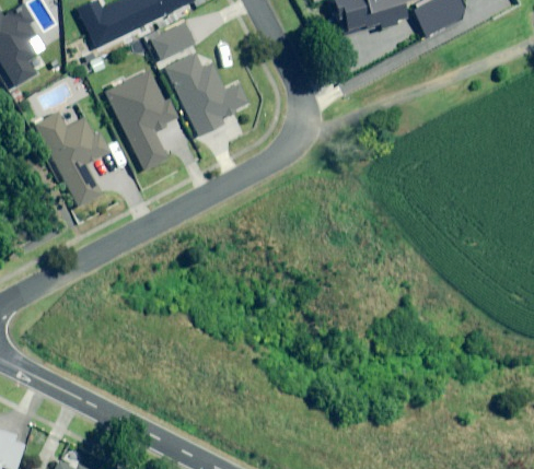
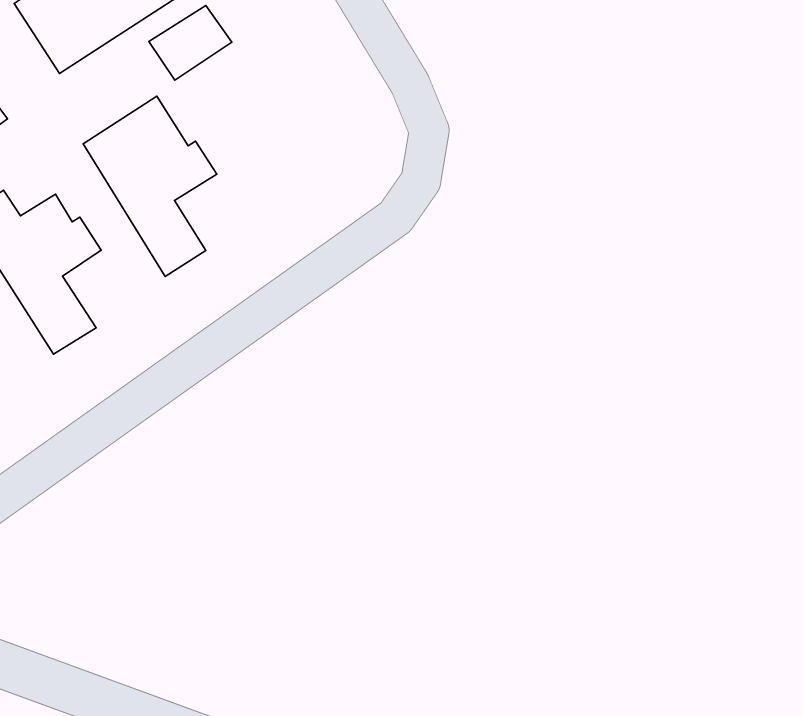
building: [164,52,248,136] -> none

